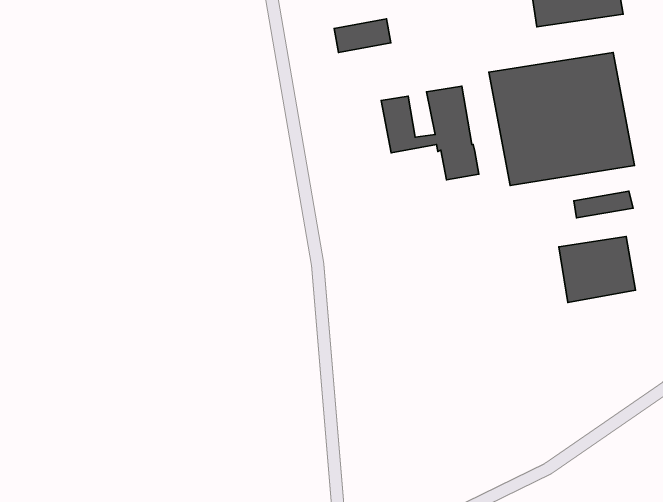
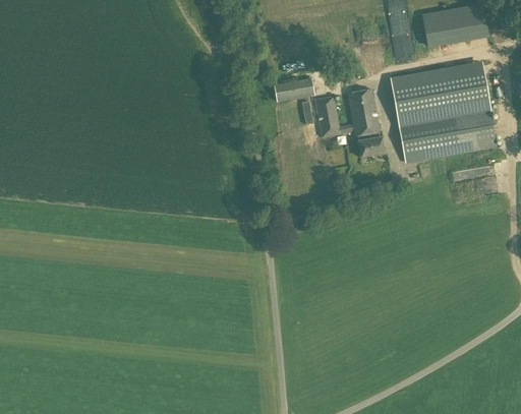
building: [334,19,391,53] -> [273,77,313,102]
building: [559,237,635,303] -> none

